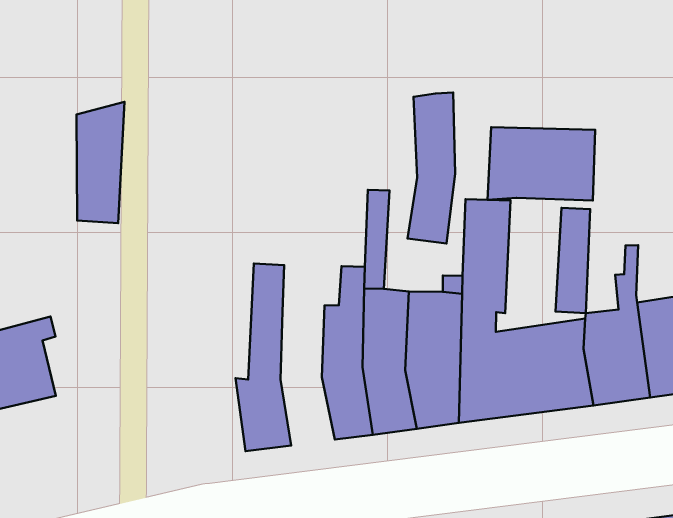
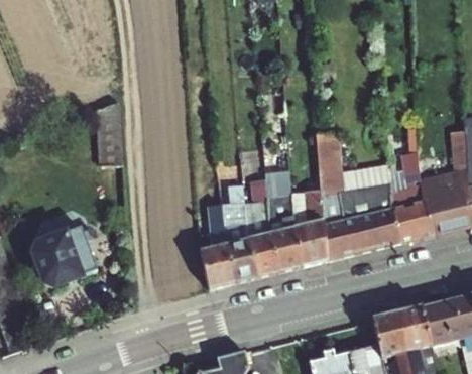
building: [408,92,455,243] -> none
building: [487,127,595,201] -> none
building: none -> [222,190,259,282]

